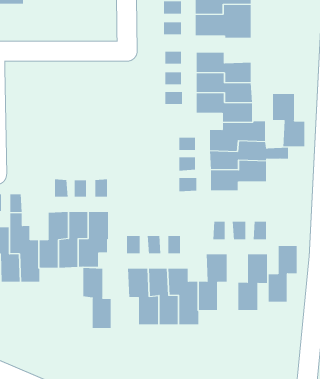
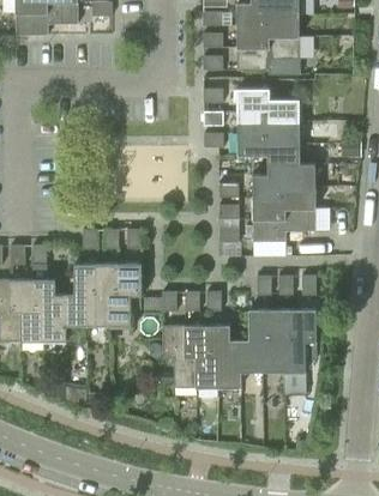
building: [273,93,305,147] -> none
building: [268,245,297,302] -> [261,310,294,373]
building: [83,267,111,329] -> none

